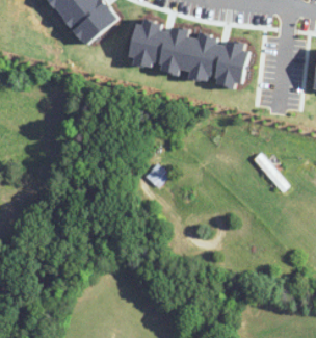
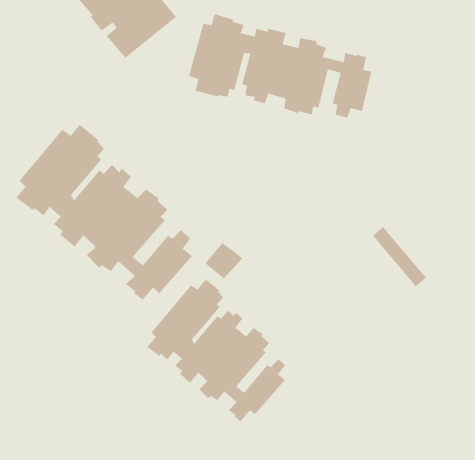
building: none -> [16,124,193,301]
building: none -> [147,278,286,422]

